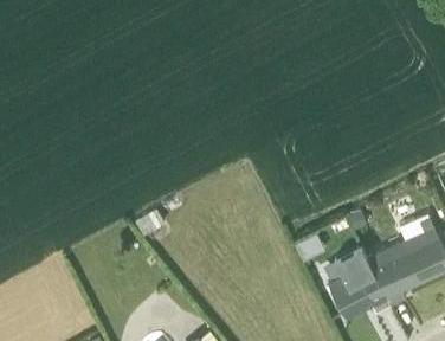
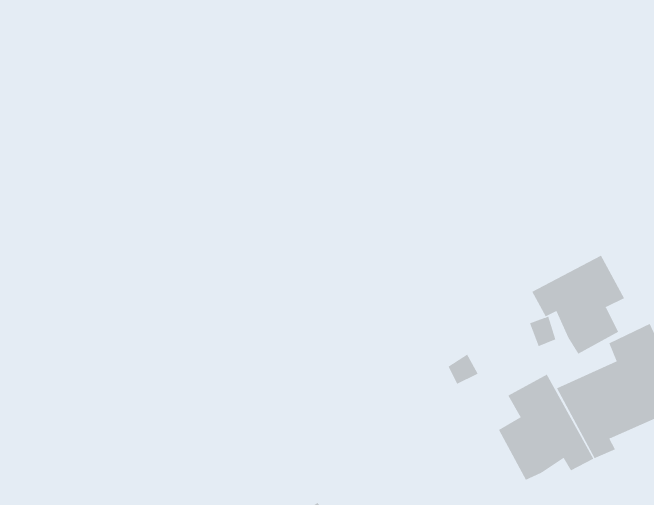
building: none -> [532,255,625,355]

